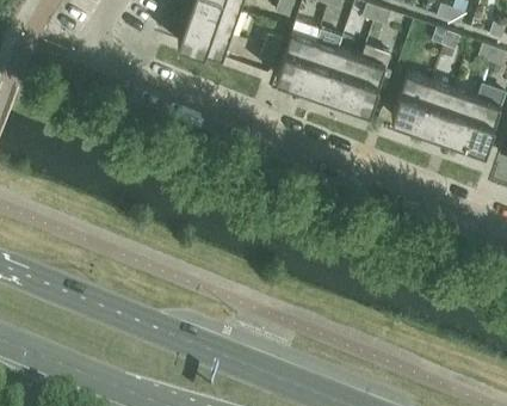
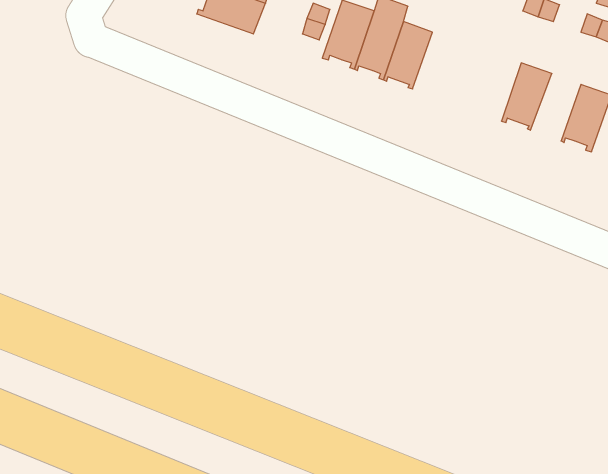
building: [346,47,392,111] -> none
building: [391,74,431,128] -> none
building: [438,91,477,143] -> none

